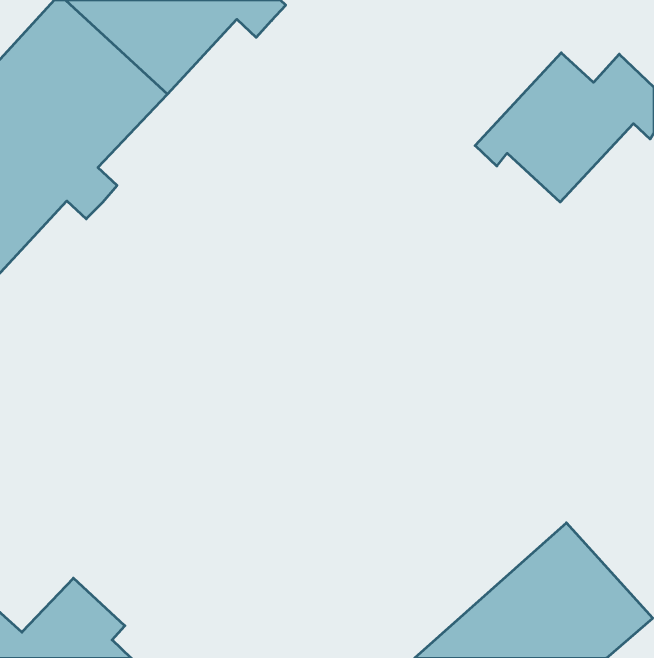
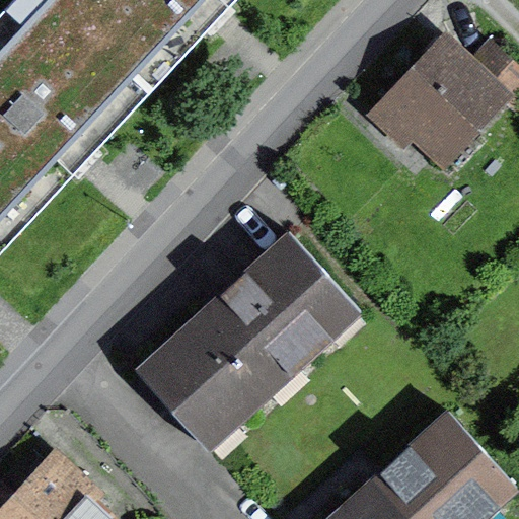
building: none -> [136,234,357,447]

